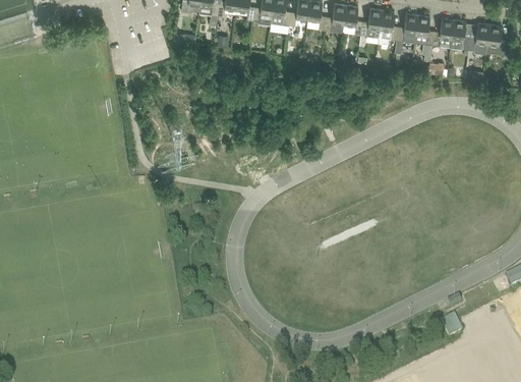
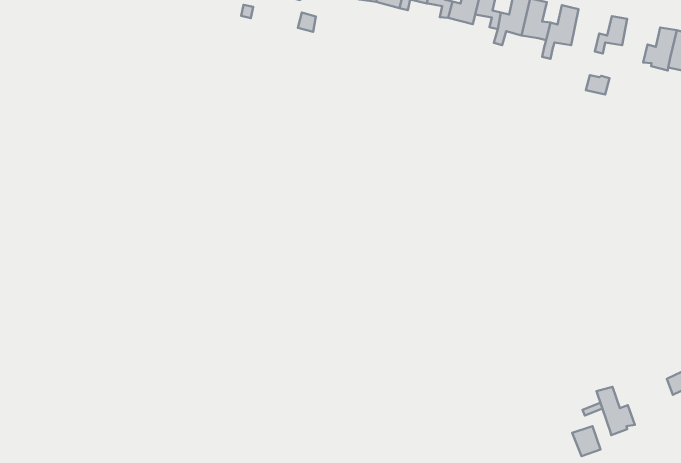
building: [415,14,435,59] -> none
building: [451,18,470,49] -> none
building: none -> [596,387,635,435]

